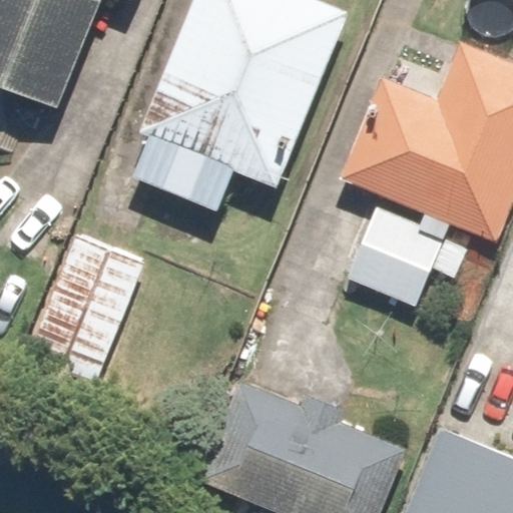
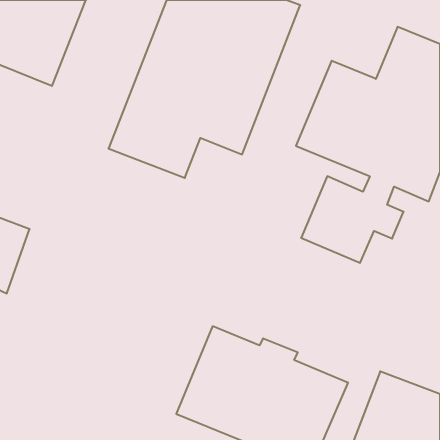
building: [39,234,141,371] -> none

